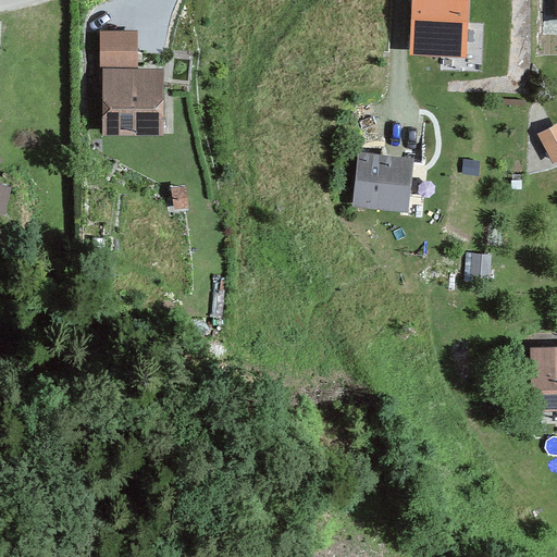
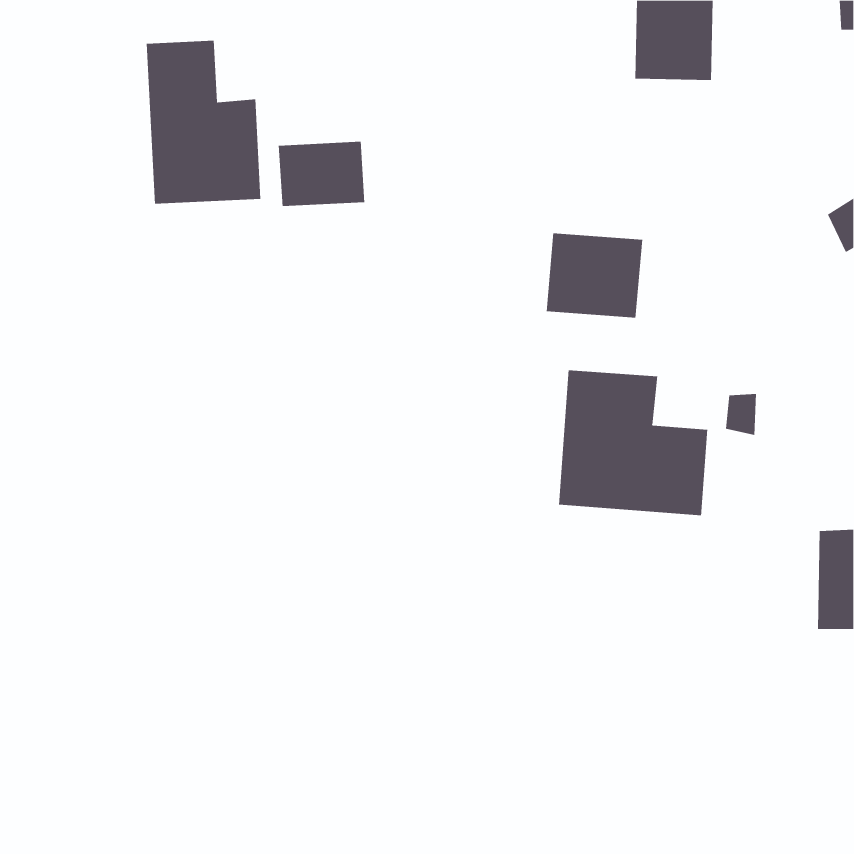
building: none -> [278,141,365,207]
building: none -> [559,369,708,516]

